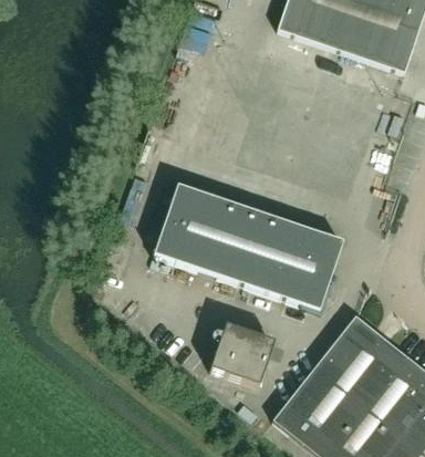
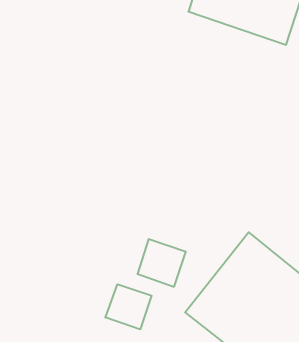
building: [154,184,343,310] -> none
building: none -> [105,284,152,329]

